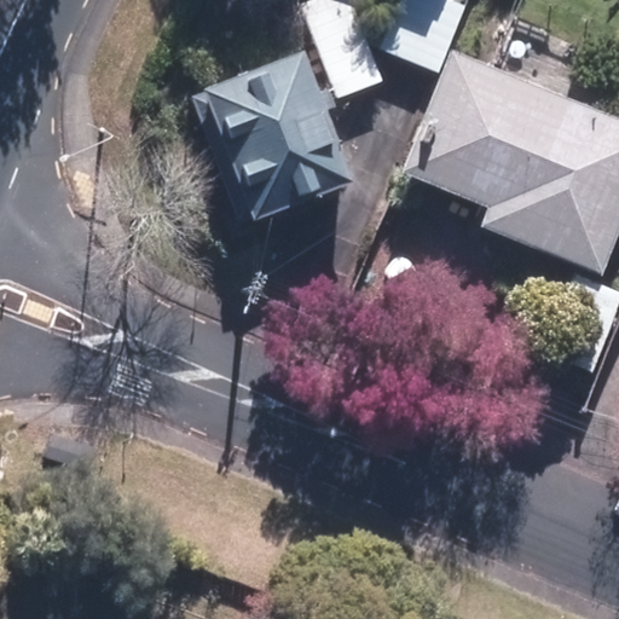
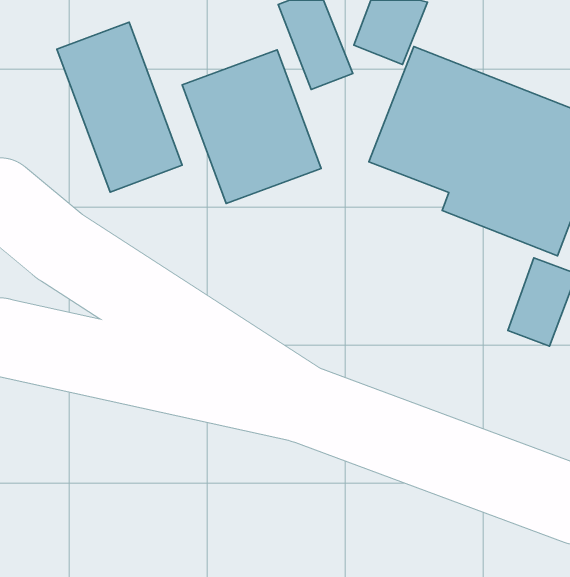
building: none -> [57,22,182,192]

